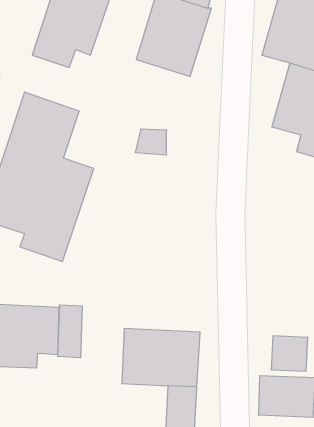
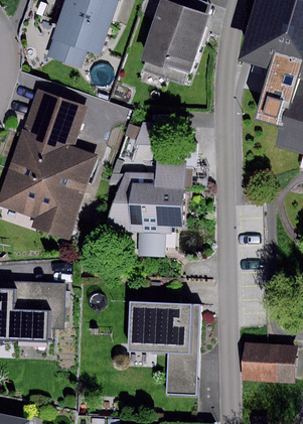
building: none -> [100,158,189,259]
building: [58,305,82,358] -> none
building: [271,336,308,371] -> none

